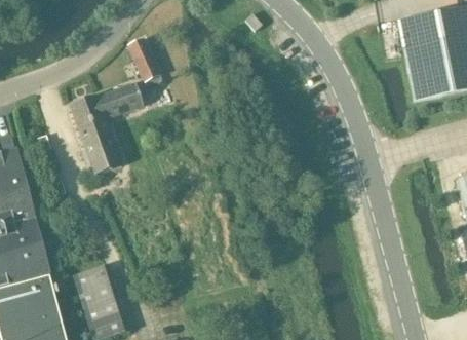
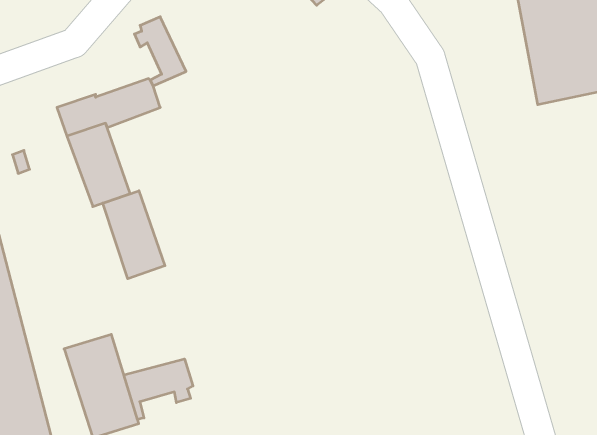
building: none -> [103,191,165,279]
building: none -> [124,359,193,419]

